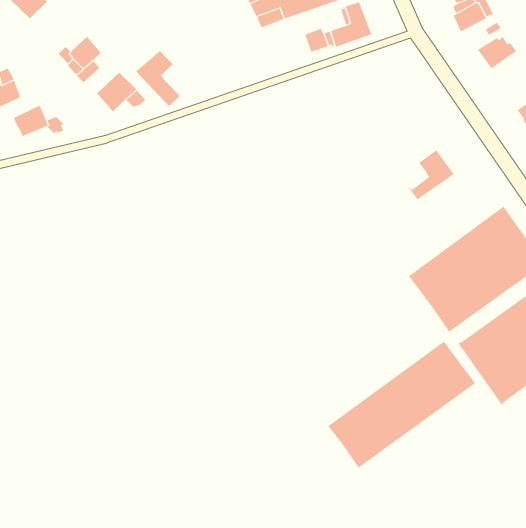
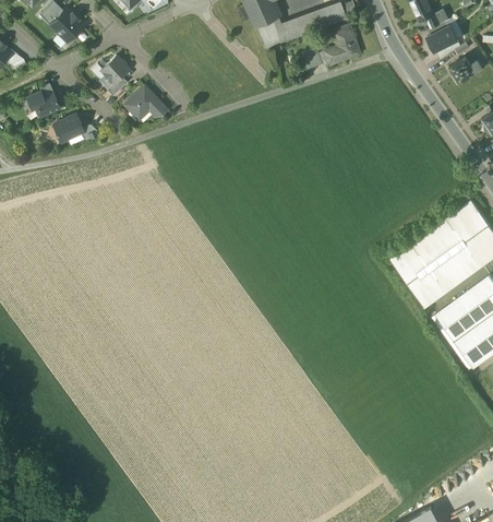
building: [135,50,180,107] -> none
building: [408,149,455,200] -> none
building: [328,341,476,468] -> none

